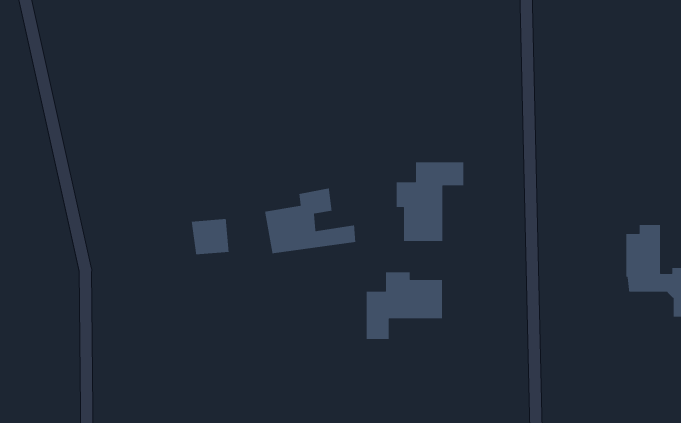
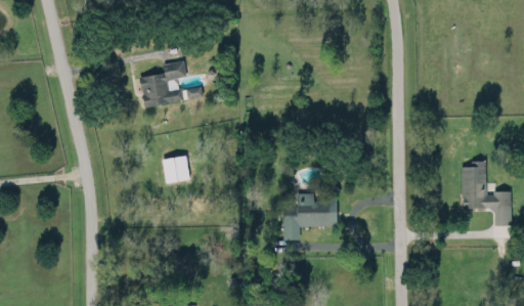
building: [396,161,464,242] -> none
building: [264,187,356,254] -> [138,60,202,106]

